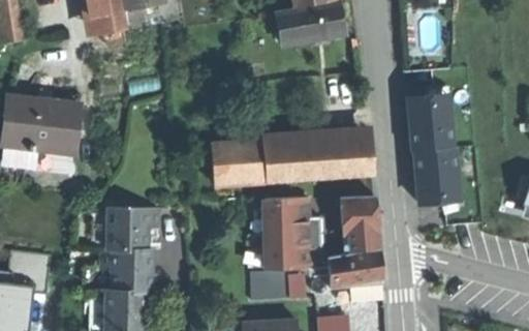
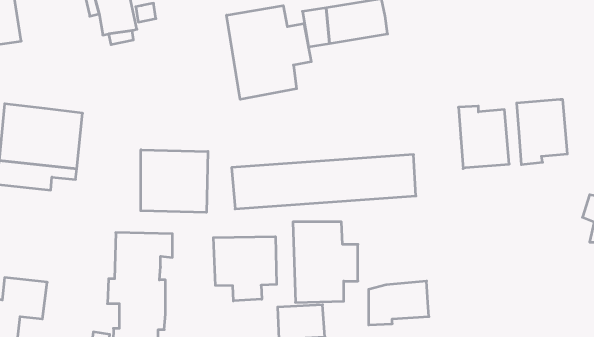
building: none -> [227,6,311,99]
building: none -> [141,150,208,212]
building: [414,147,459,204] -> [517,100,567,165]
building: [344,194,380,252] -> none
building: none -> [213,237,277,301]

